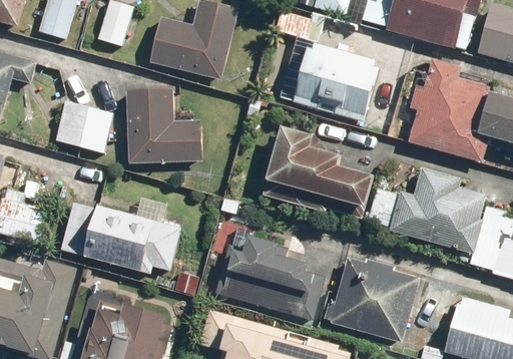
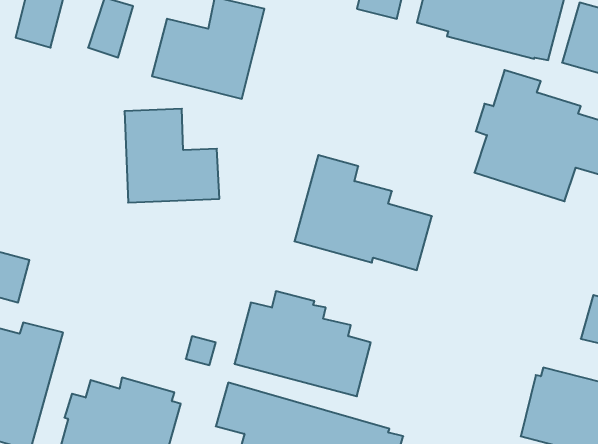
building: [278,11,380,121] -> none
building: [56,101,113,153] -> none
building: [368,166,485,254] -> none
building: [60,197,182,274] -> none
building: [323,258,420,342] -> none

